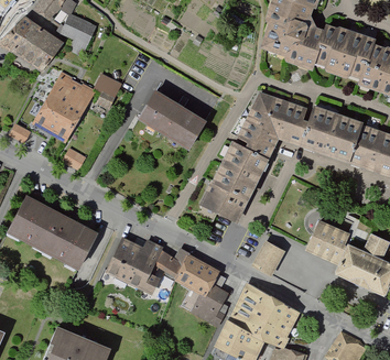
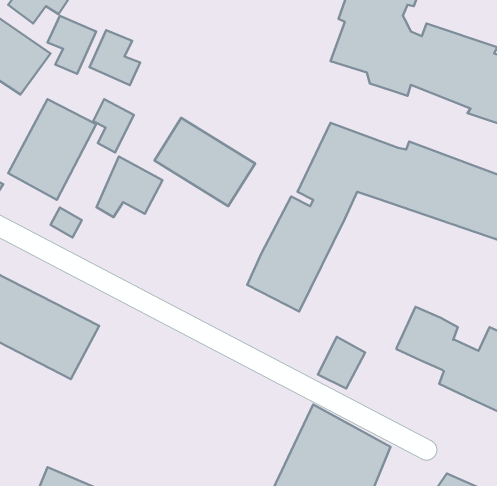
building: none -> [89,30,140,85]
building: none -> [97,157,162,217]
building: [105,237,231,324] -> none

